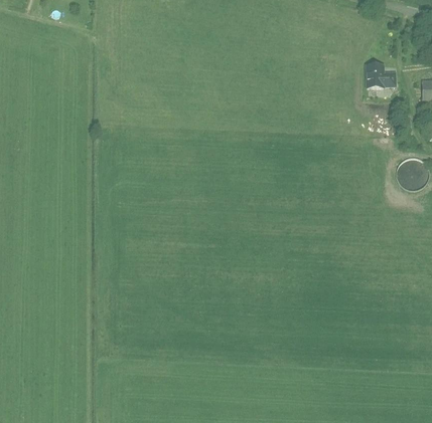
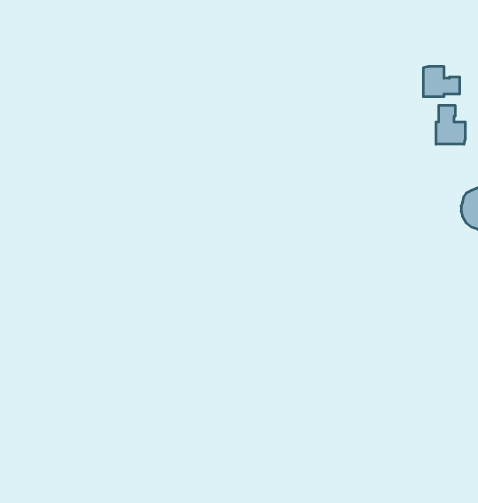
building: none -> [436,105,465,144]

